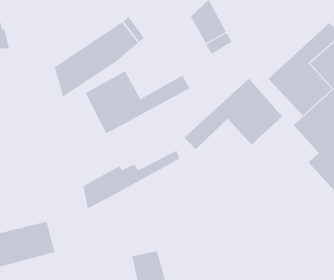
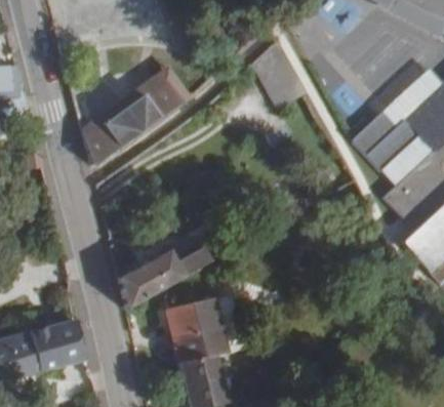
building: [85,70,190,134] -> none
building: [184,78,283,150] -> none
building: none -> [170,307,227,364]

